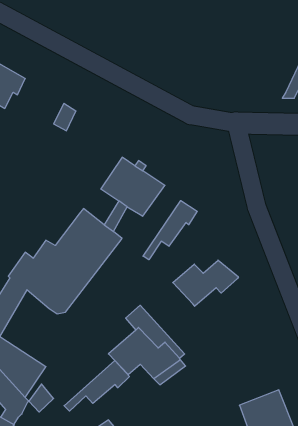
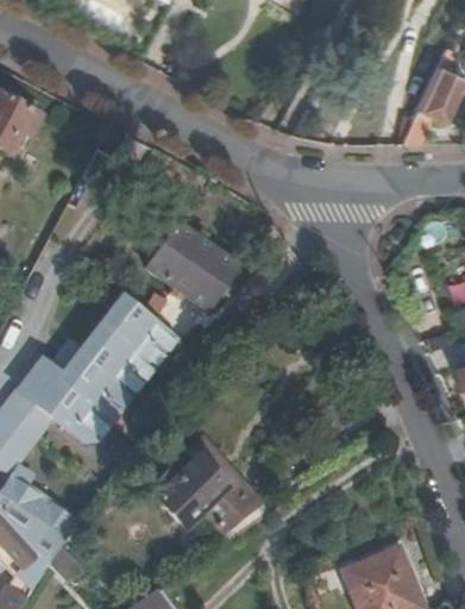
building: [143,201,197,260] -> none
building: [173,260,238,306] -> none
building: [64,361,129,411] -> none

